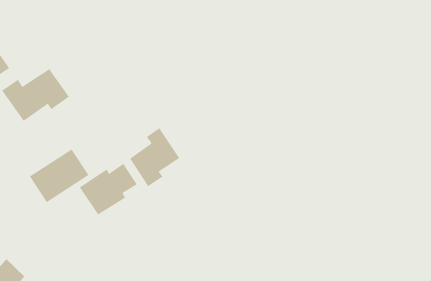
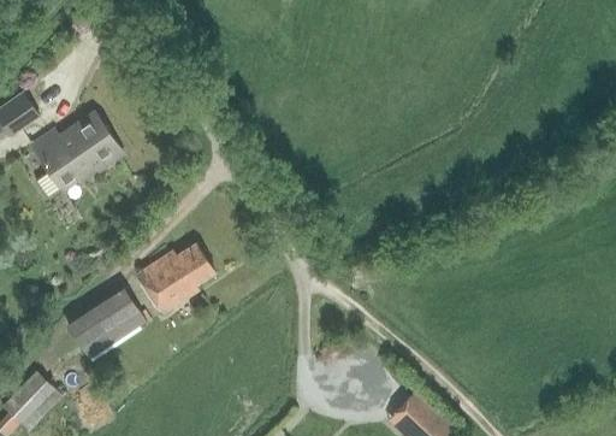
building: [129,127,180,187] -> none
building: [29,148,90,203] -> [66,288,148,361]

